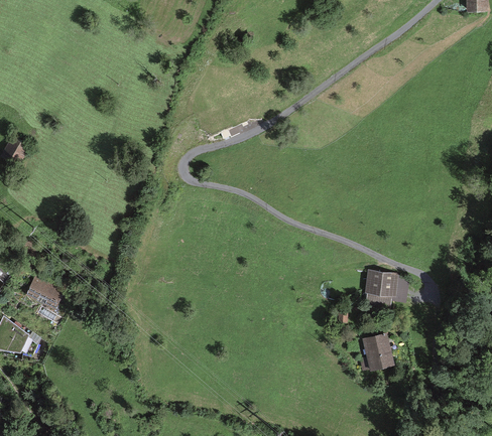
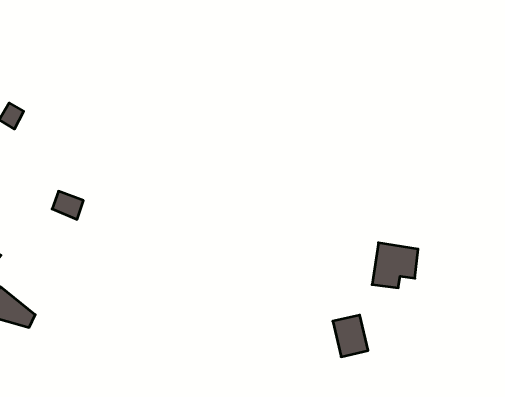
building: [28,277,58,304] -> [52,191,83,219]
building: [361,332,395,373] -> [333,315,368,357]

